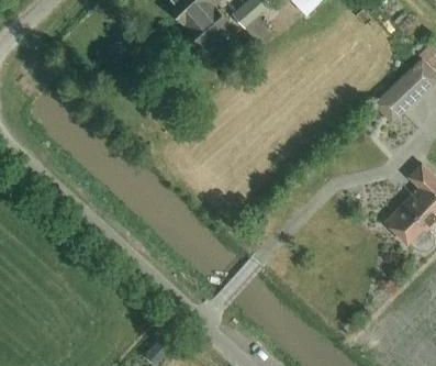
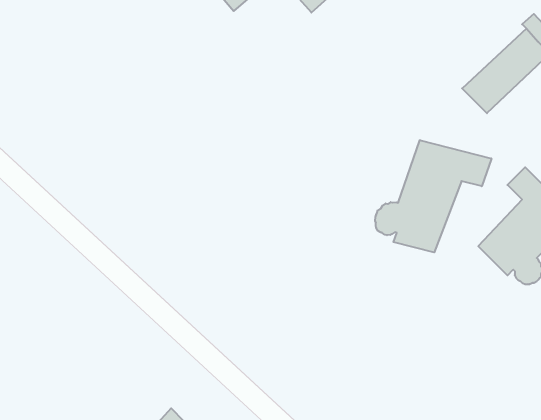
building: none -> [375,140,491,252]

